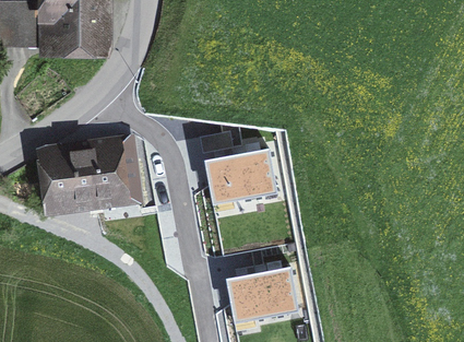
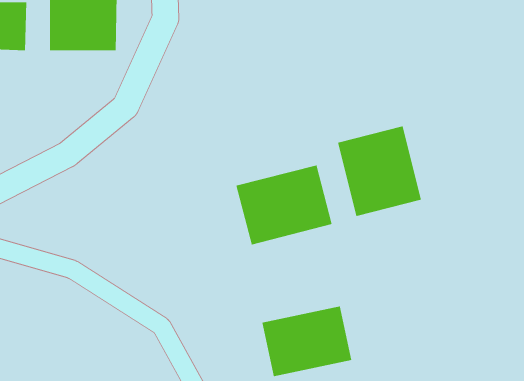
building: none -> [338,125,422,217]
building: [47,141,139,208] -> none

